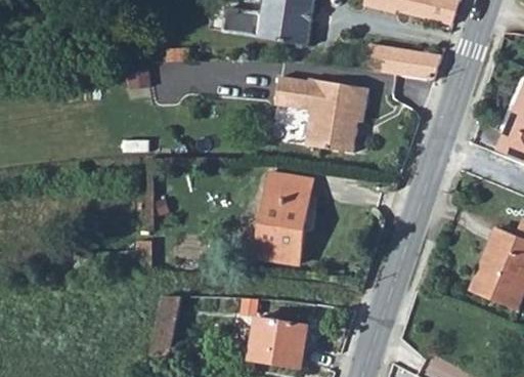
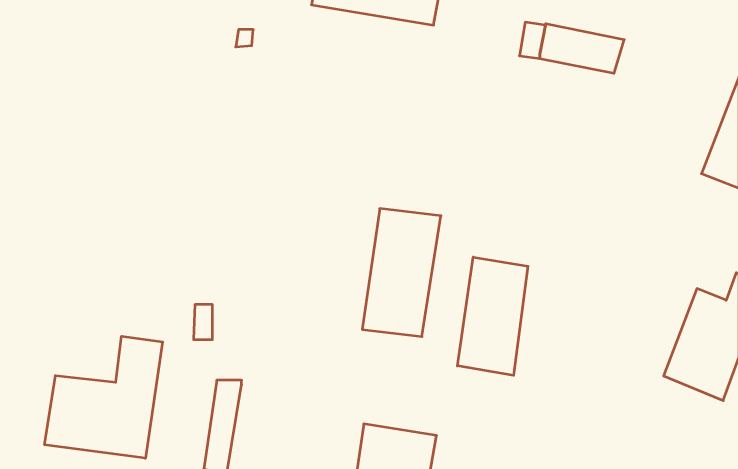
building: [275,77,368,155] -> none
building: none -> [457,257,528,375]
building: none -> [45,336,163,458]

